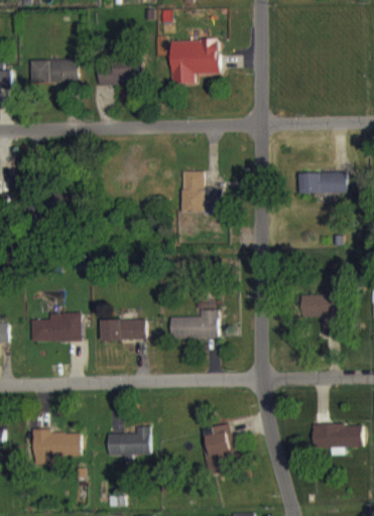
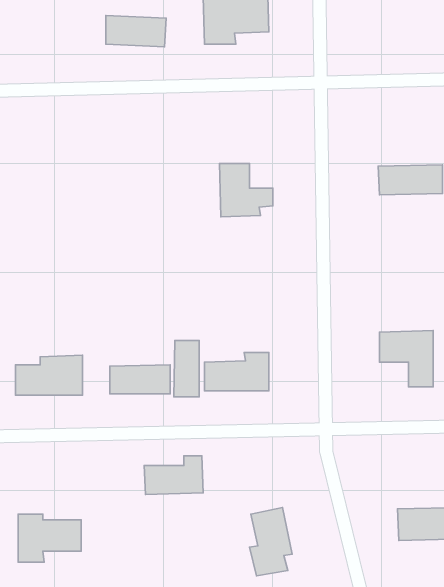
building: [31,58,78,83] -> none
building: none -> [174,341,199,397]
building: [107,426,150,455] -> [144,456,203,494]

